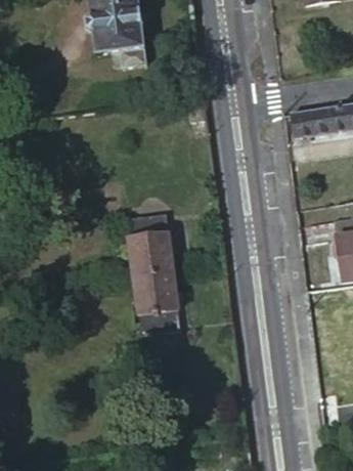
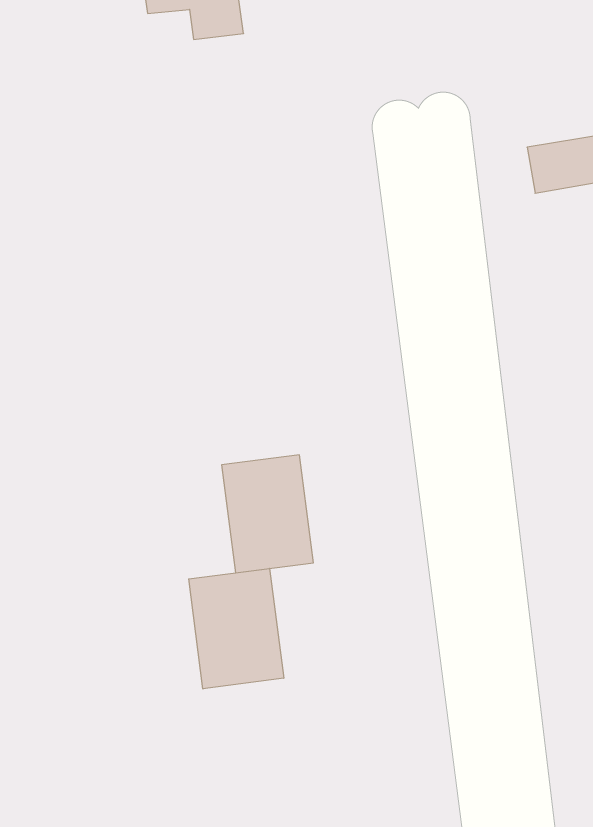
building: [127,218,174,279] -> none
building: none -> [189,568,284,689]

